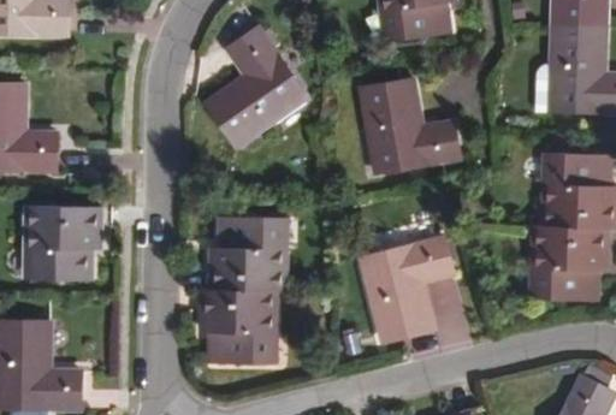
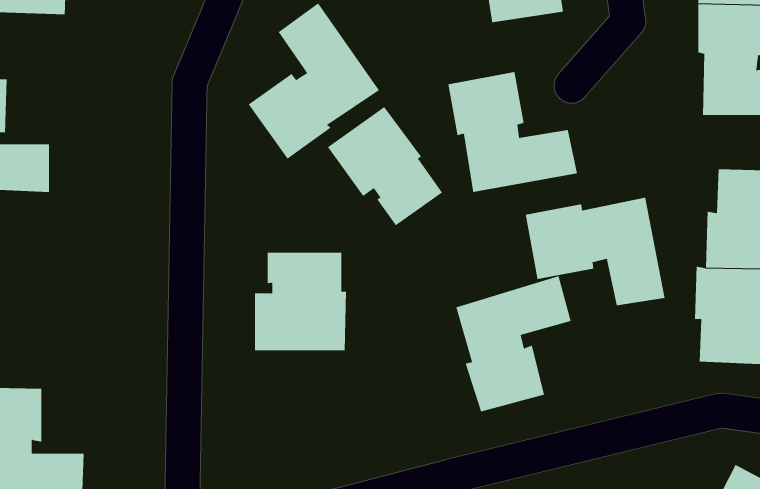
building: none -> [327,106,443,226]
building: none -> [525,197,665,306]
building: [29,206,101,279] -> none
building: [202,292,274,363] -> none

